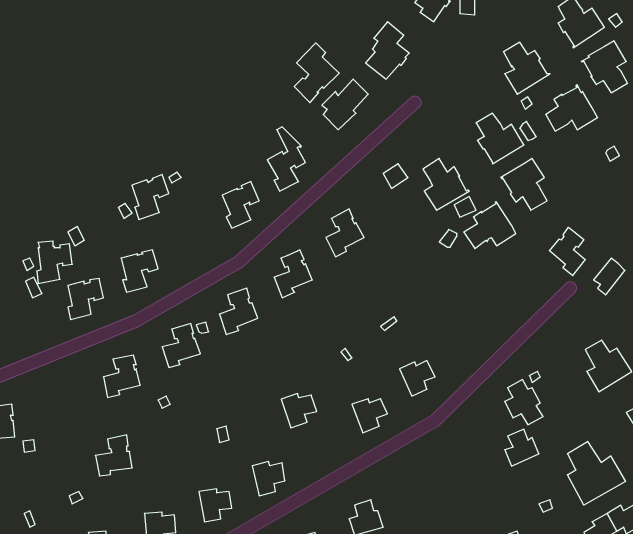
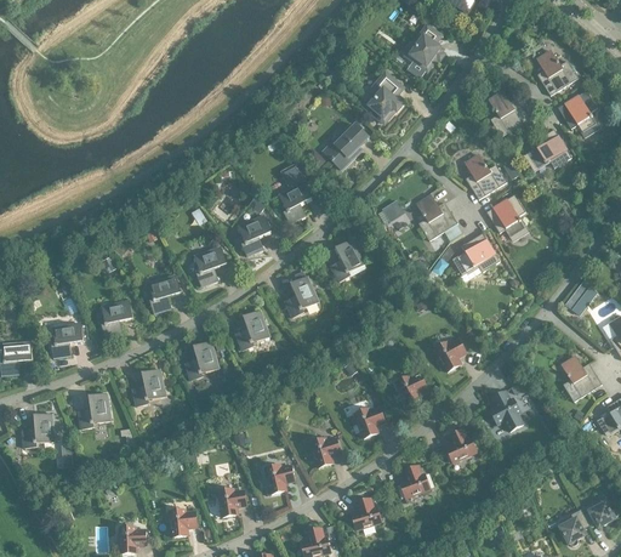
building: [294,43,339,103] -> none
building: [132,174,169,219] -> [193,246,226,286]
building: [549,227,585,276] -> none
building: [37,241,72,283] -> [50,320,81,358]
building: none -> [432,339,465,371]
building: [281,394,317,428] -> [308,437,340,467]
building: [505,429,539,466] -> [444,430,474,462]
building: [95,435,132,476] -> [76,392,109,428]
building: [567,441,626,505] -> none
building: none -> [398,465,428,498]

